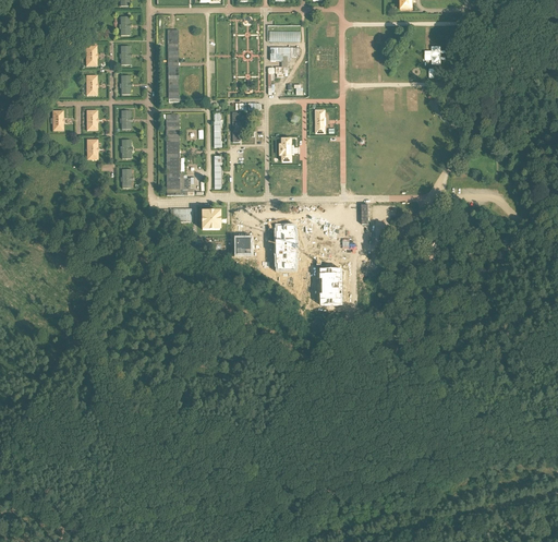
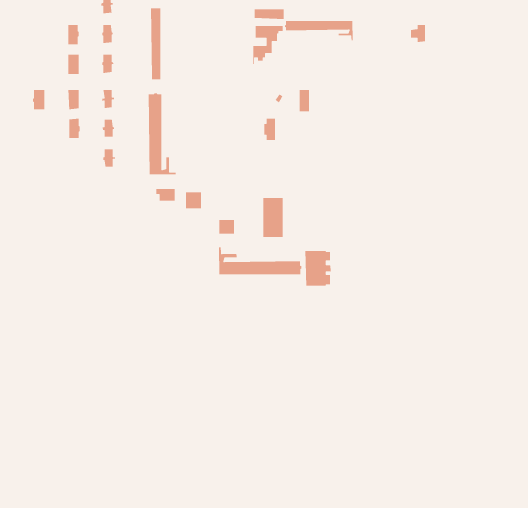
building: none -> [284,20,353,41]
building: none -> [218,247,302,275]

